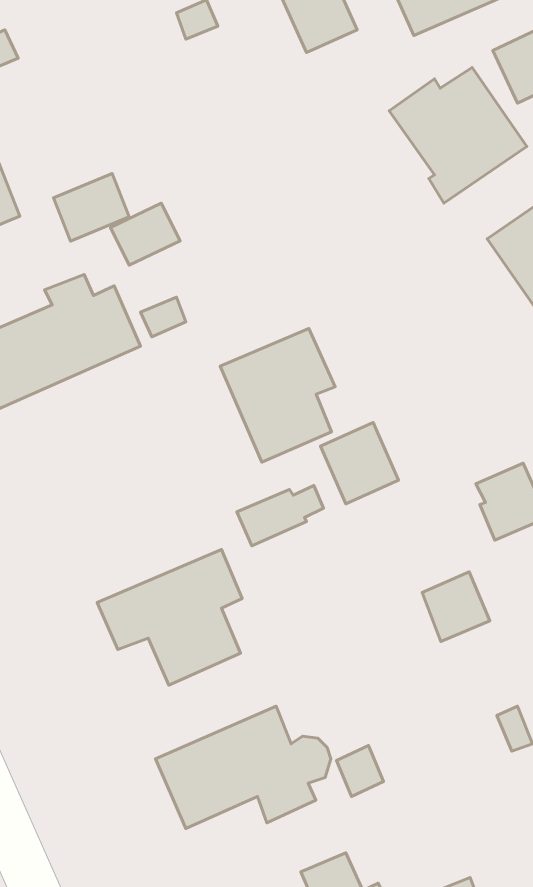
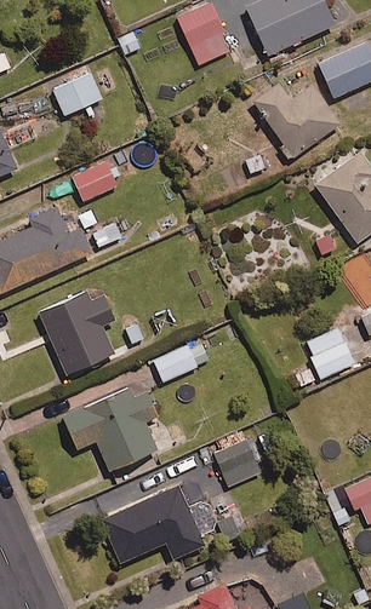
building: [54,173,129,241] -> [52,71,101,115]
building: [220,328,335,462] -> [40,288,114,374]
building: [320,423,399,504] -> none
building: [422,572,490,642] -> [215,441,258,486]

